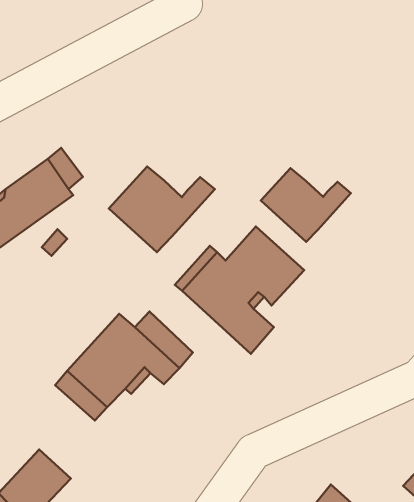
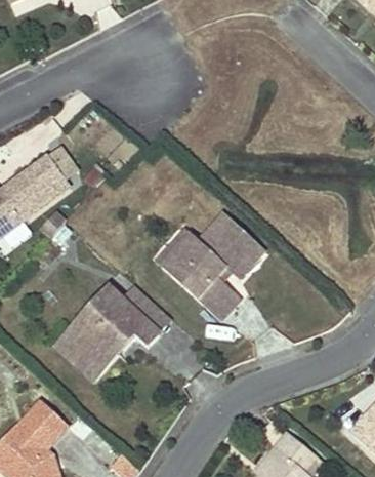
building: [109,167,215,252] -> none
building: [261,168,351,242] -> none

